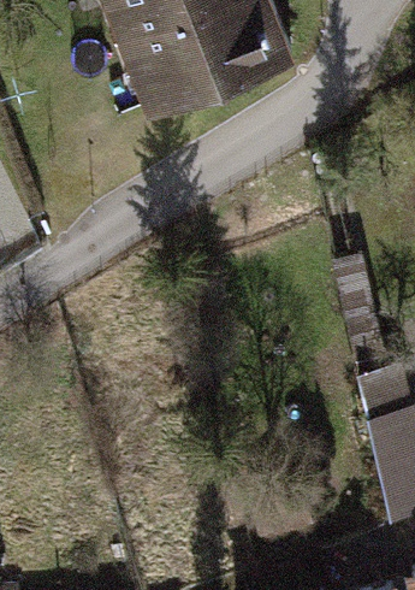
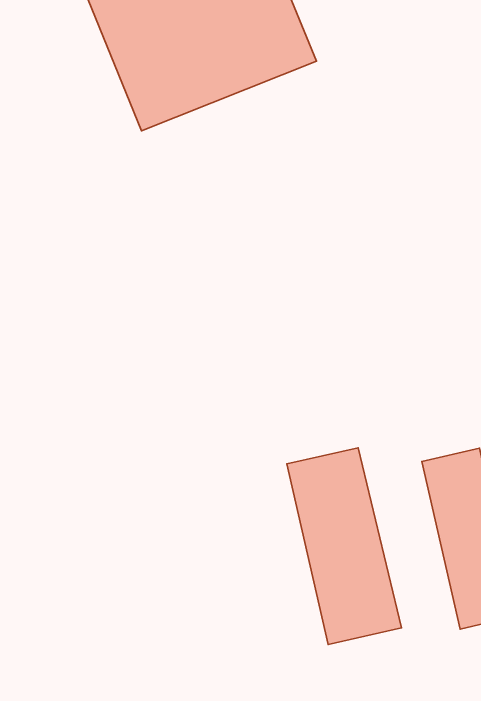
building: none -> [287,448,401,644]

